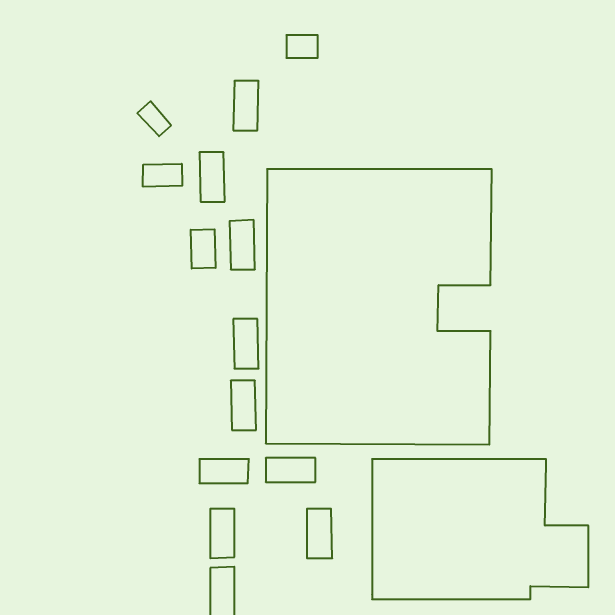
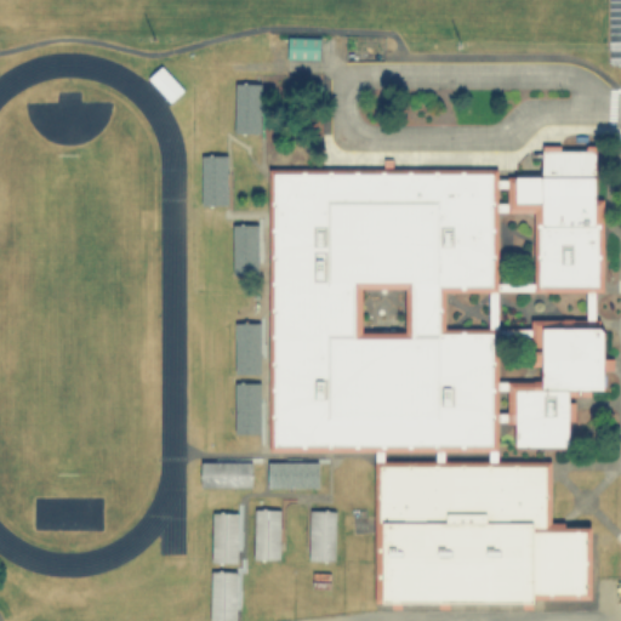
building: [137,101,171,136] -> [149,65,183,101]
building: none -> [512,148,605,290]
building: [143,164,182,187] -> none
building: [191,229,216,269] -> none
building: none -> [514,327,606,444]
building: none -> [255,509,280,560]

